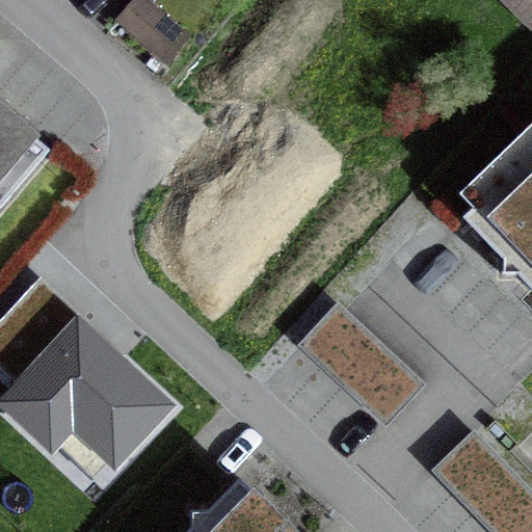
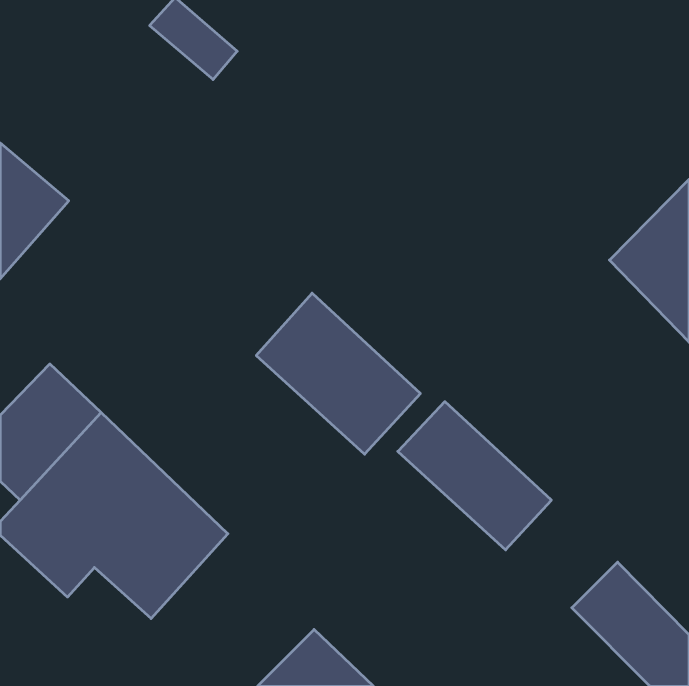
building: none -> [256,293,420,454]

